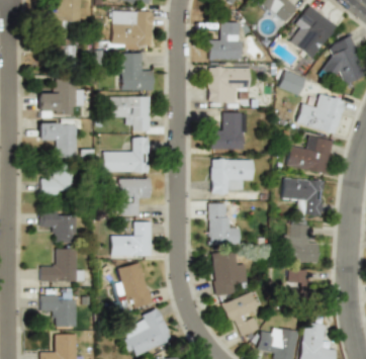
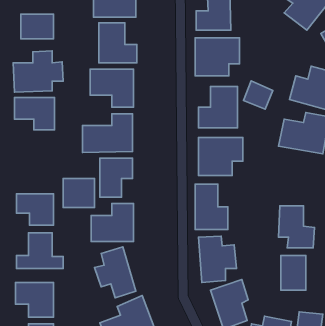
building: [279,70,306,96] -> [244,81,273,109]
building: [42,166,72,193] -> [63,178,95,208]
building: [283,178,325,216] -> none

